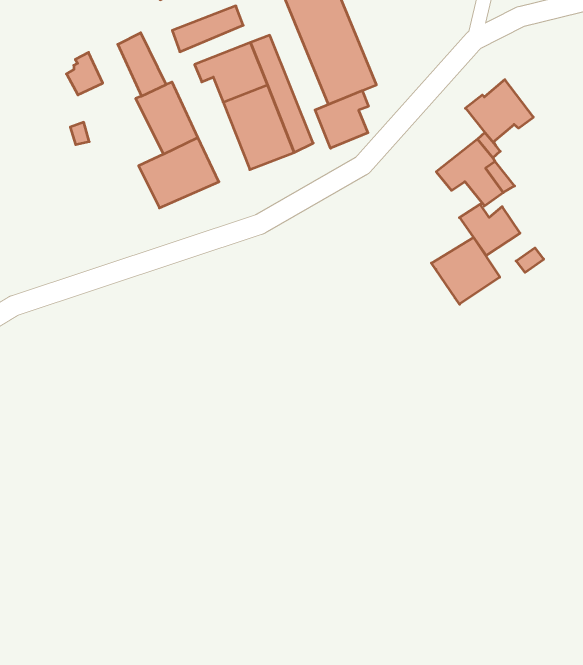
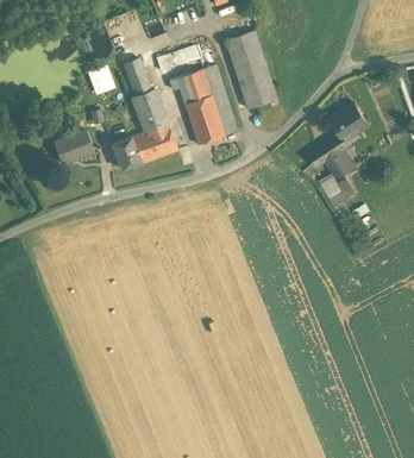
building: [315,91,368,148] -> none
building: none -> [55,128,93,162]
building: none -> [112,136,143,169]
building: [431,238,500,304] -> none

